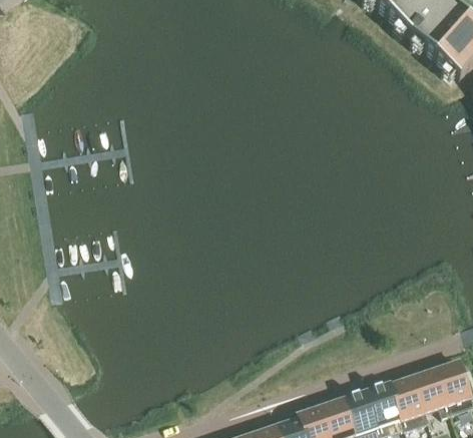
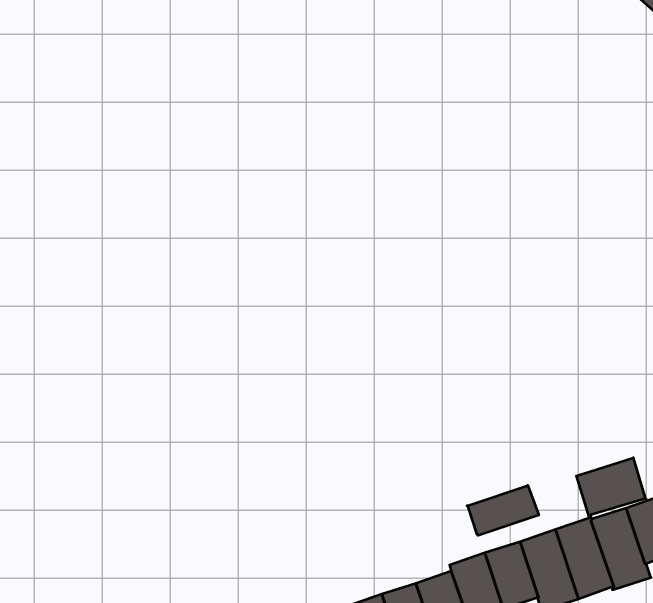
building: none -> [576,458,646,517]
building: none -> [467,485,539,535]

